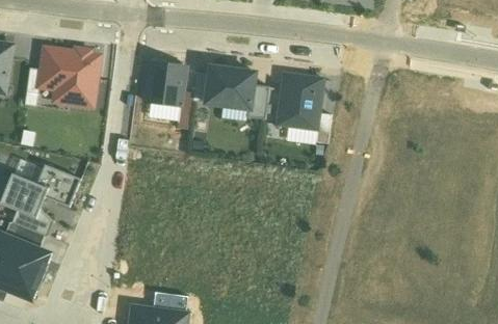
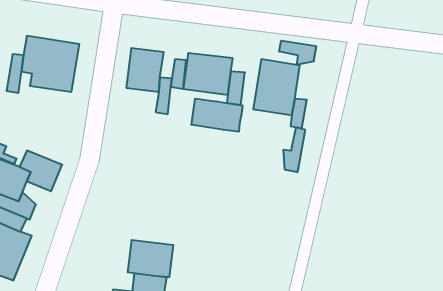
building: none -> [279,41,316,65]
building: none -> [192,99,242,132]
building: none -> [284,127,305,172]
building: none -> [128,240,173,277]

